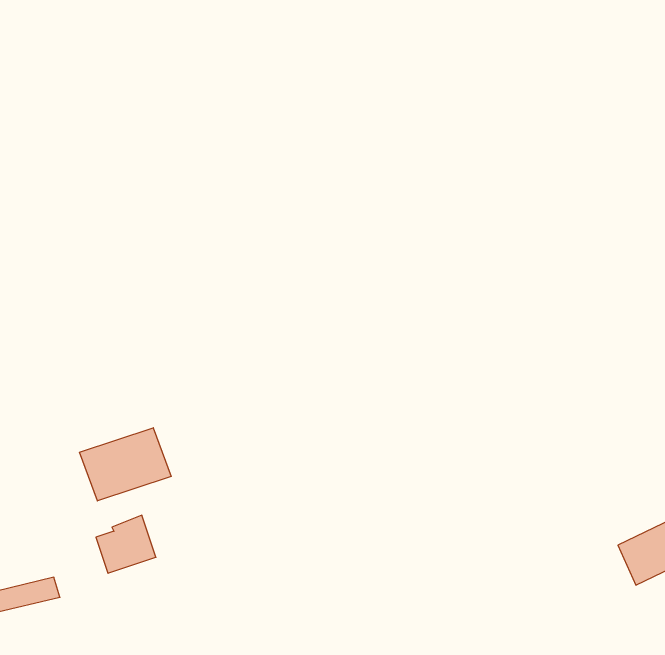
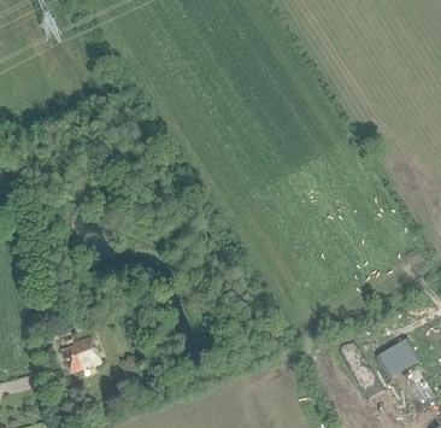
building: [80,428,171,501] -> none

